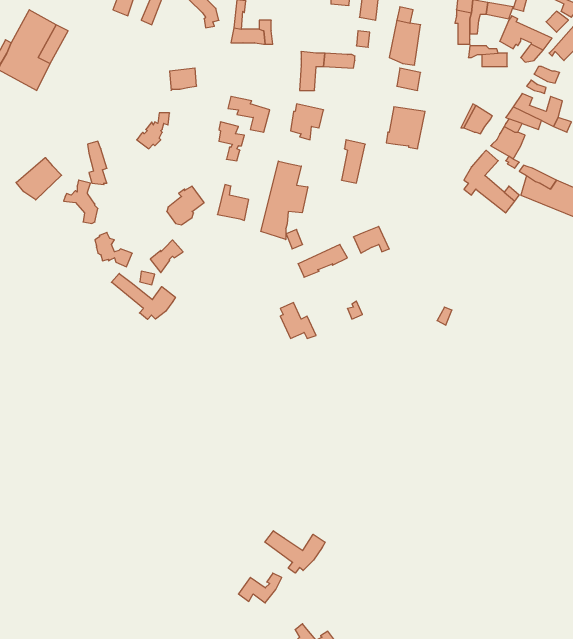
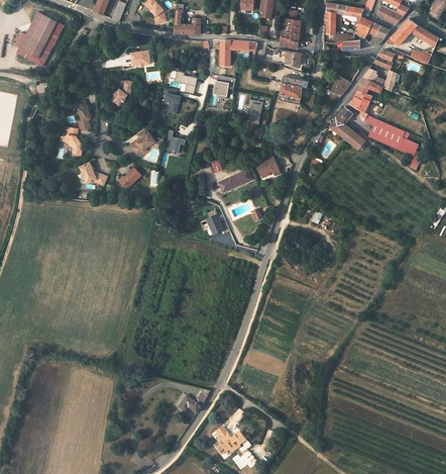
building: [16,158,62,200] -> none
building: [261,161,308,240] -> none
building: [111,273,175,319] -> none
building: [265,531,325,573] -> none

